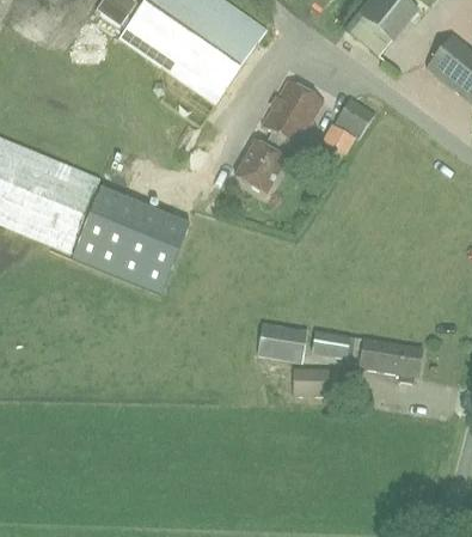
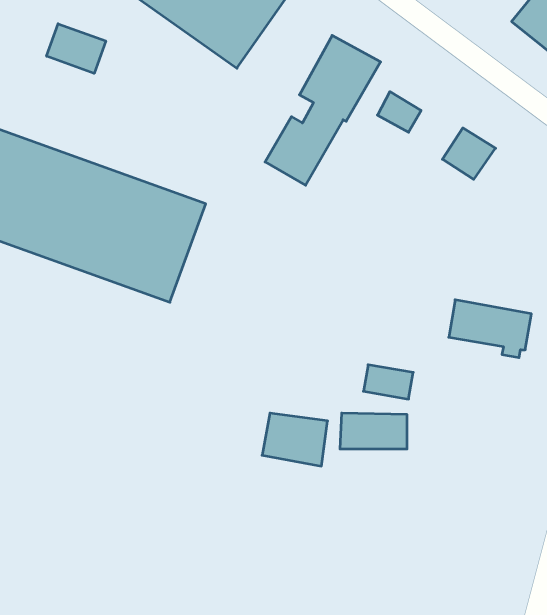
building: none -> [47,24,106,73]
building: [333,98,374,138] -> [442,128,496,179]
building: [256,323,306,364] -> [262,413,328,466]
building: [357,338,421,383] -> [449,300,531,358]

